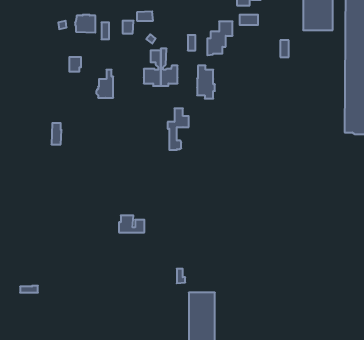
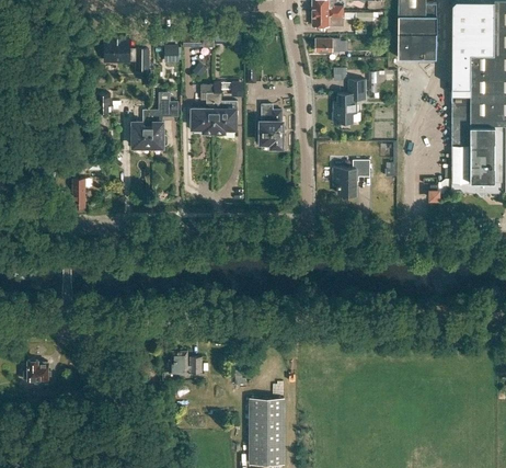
building: [207,21,233,55] -> [333,80,366,124]
building: [168,108,189,150] -> [150,92,177,146]
building: none -> [334,160,369,194]
building: [119,215,144,232] -> [169,351,202,373]
building: none -> [24,359,48,383]

